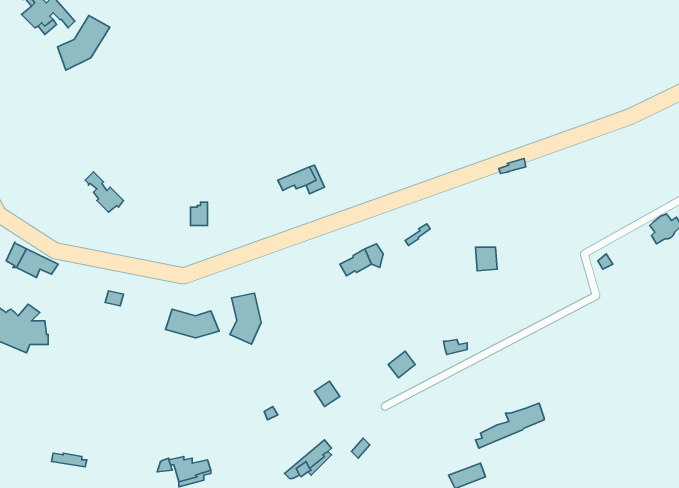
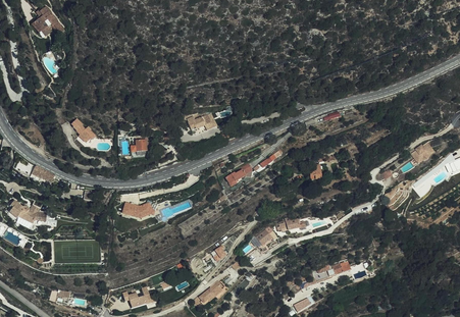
building: [58,16,110,70] -> none
building: [230,293,261,344] -> none

